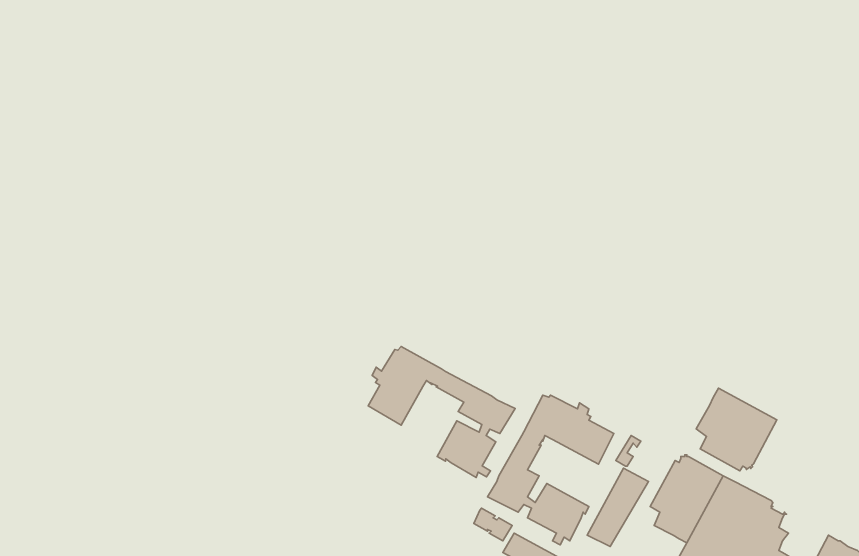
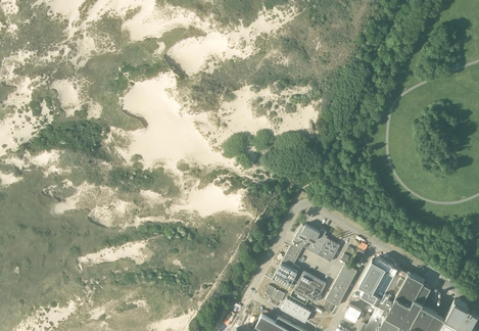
building: [368,346,515,477] -> none
building: [696,388,777,471] -> none

